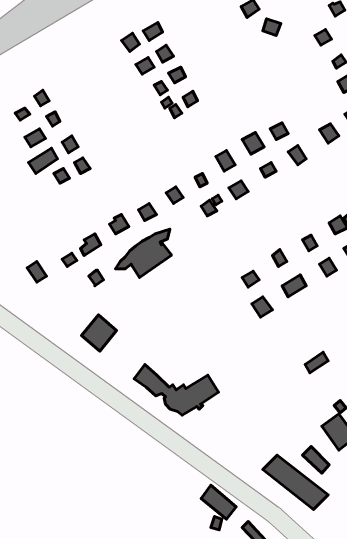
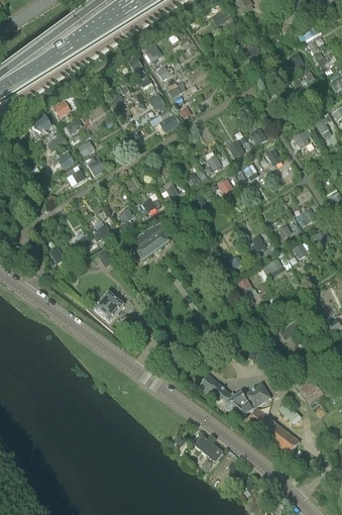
building: [134,364,219,415] -> [200,374,270,416]

